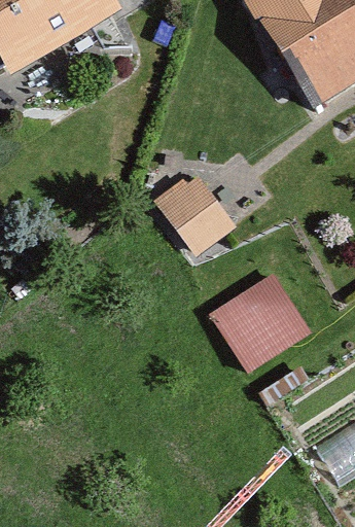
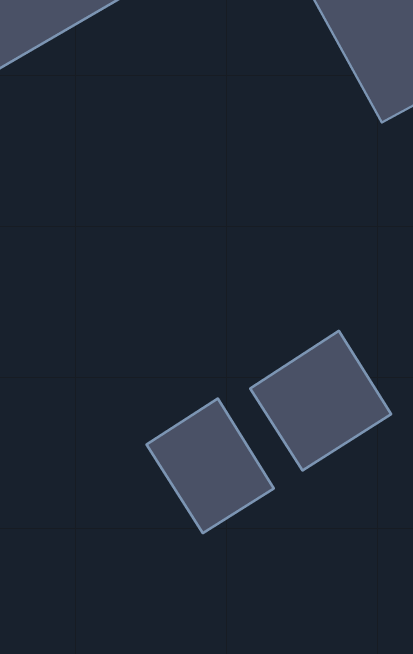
building: [153,168,235,252] -> none
building: none -> [147,399,274,533]

